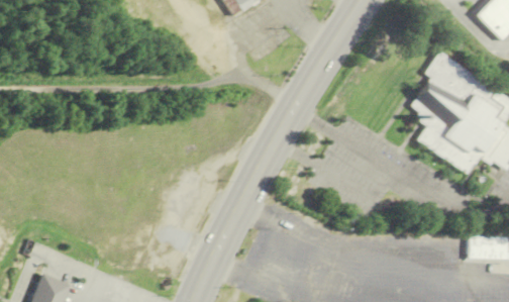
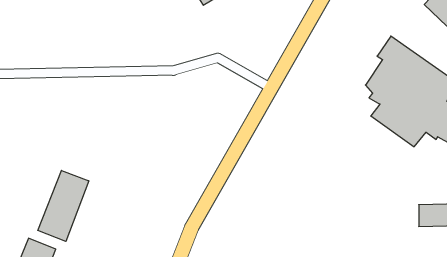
building: none -> [38,170,89,241]

